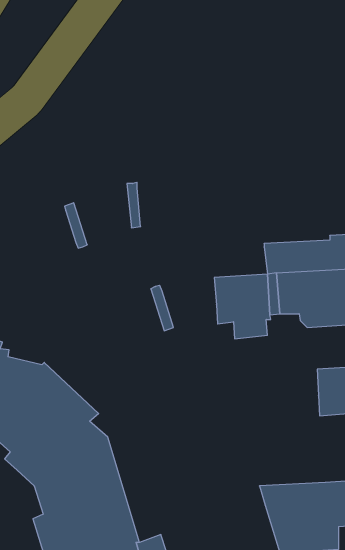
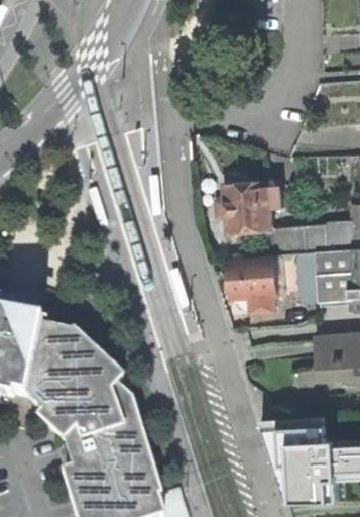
building: none -> [224,181,278,233]
building: none -> [260,418,324,443]

